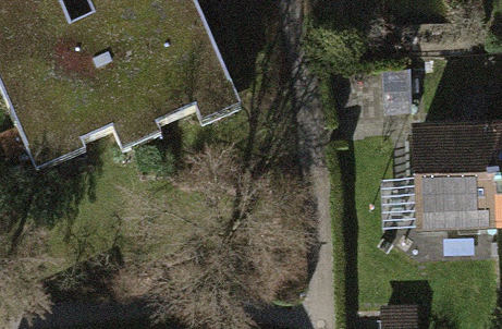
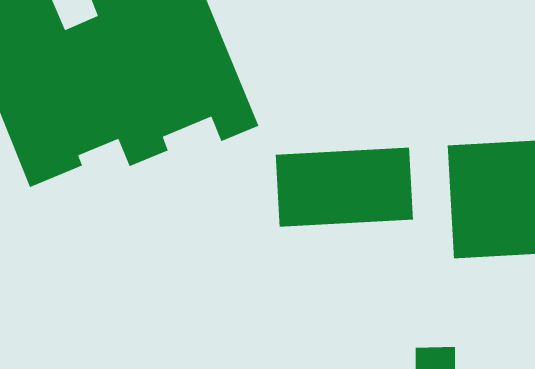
building: none -> [275,147,414,228]

